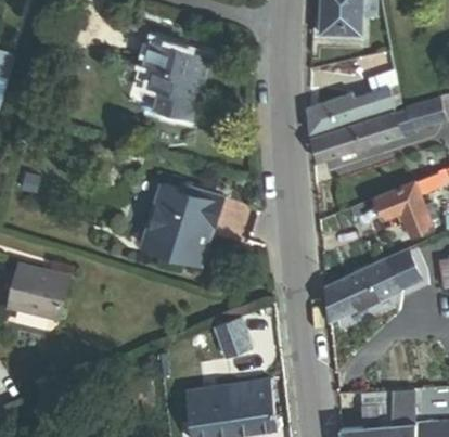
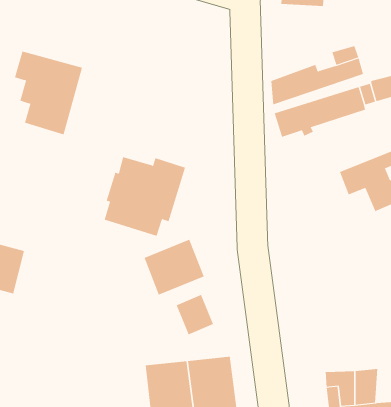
building: [142,39,209,121] -> [14,51,83,135]
building: [325,252,419,324] -> none
building: none -> [144,239,204,295]

